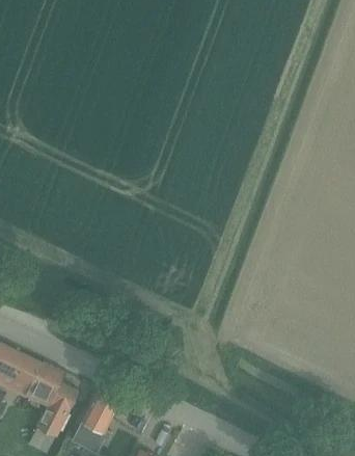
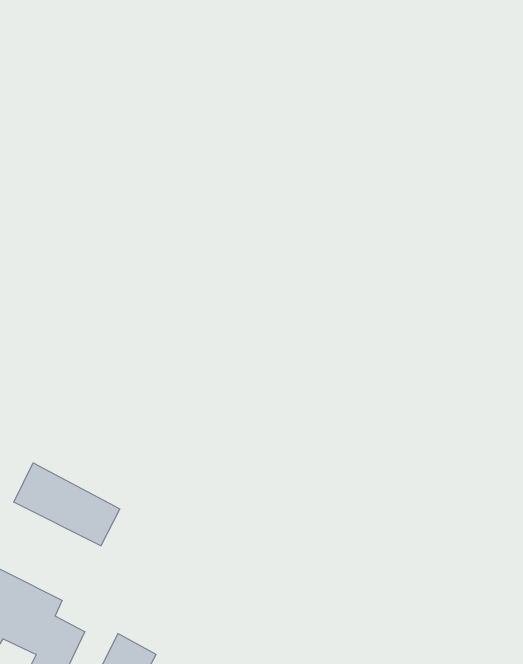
building: none -> [14,463,120,546]

